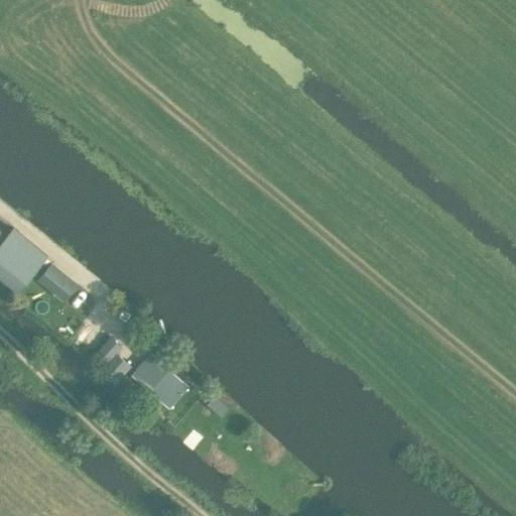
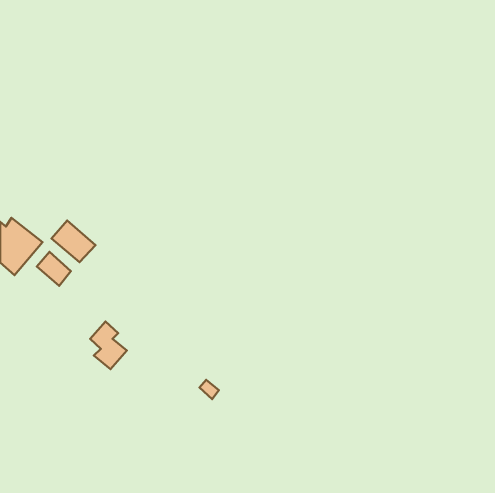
building: none -> [51,221,96,262]
building: [132,354,189,410] -> none

